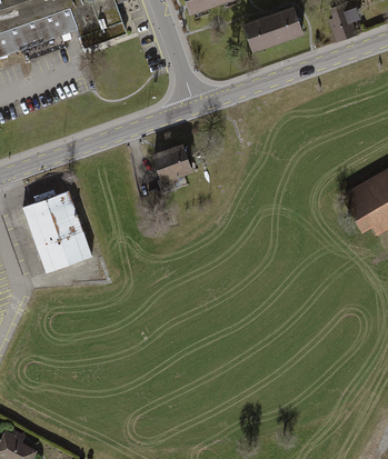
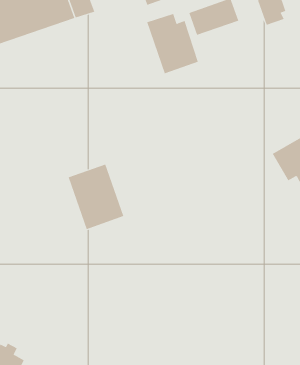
building: none -> [146,13,199,74]
building: [151,143,191,182] -> none
building: [21,190,90,271] -> [68,164,124,230]

